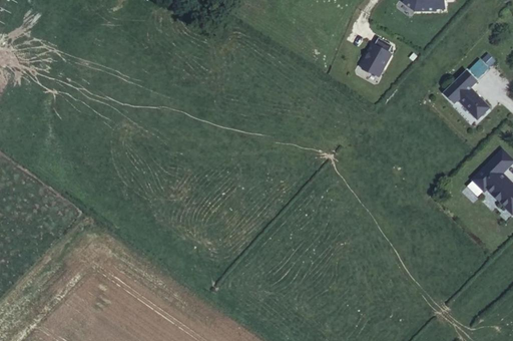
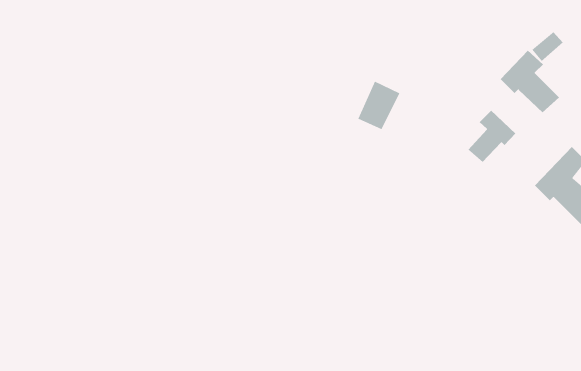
building: [360,38,395,78] -> [357,81,400,130]
building: none -> [467,110,516,163]

